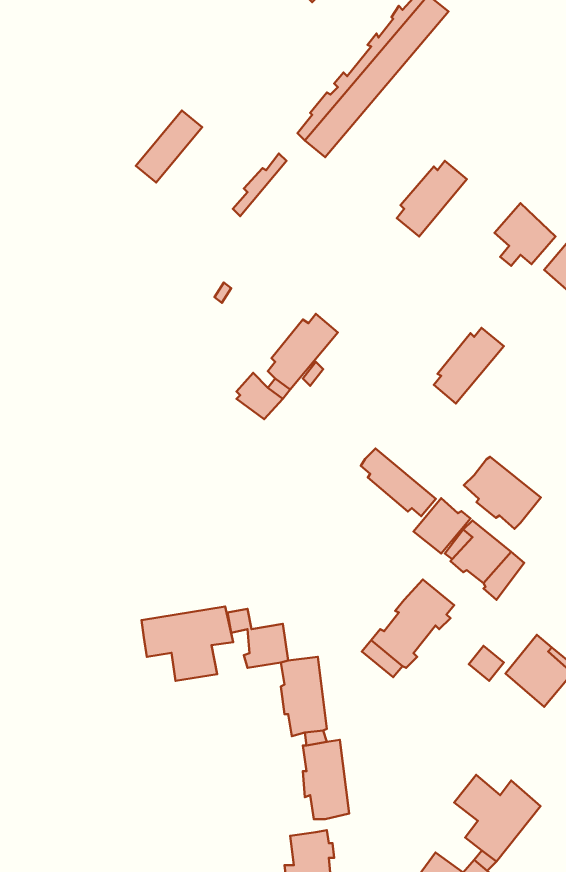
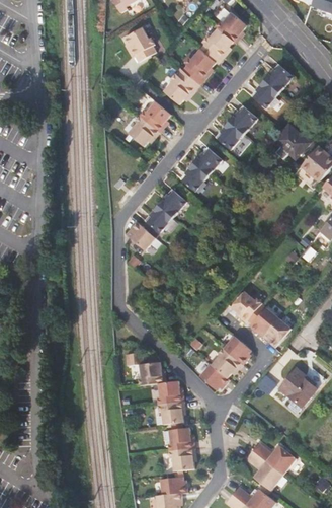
building: none -> [128,28,157,61]
building: none -> [252,66,292,108]
building: [136,111,202,182] -> [133,106,169,146]
building: [434,328,504,403] -> [183,148,222,190]
building: [361,448,436,516] -> none
building: [464,457,541,529] -> none
building: [142,606,233,681] -> none

